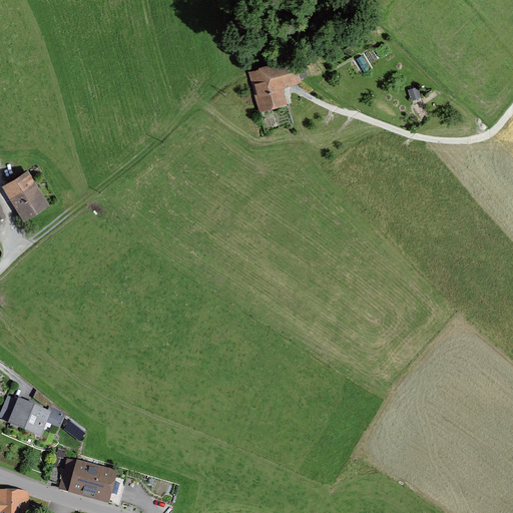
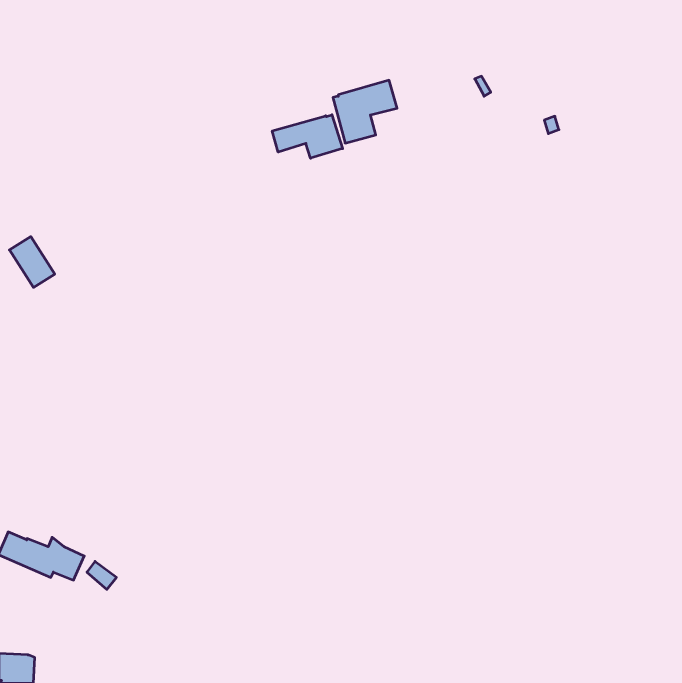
building: none -> [272,115,343,158]
building: [47,464,120,501] -> none

